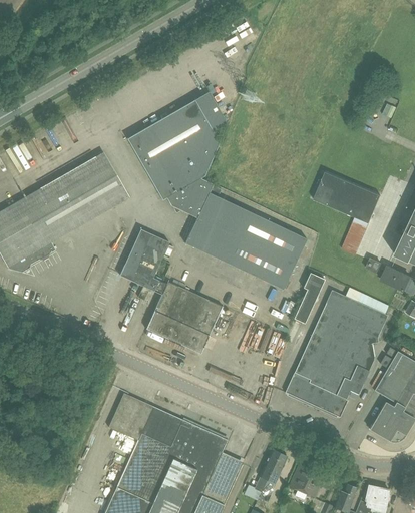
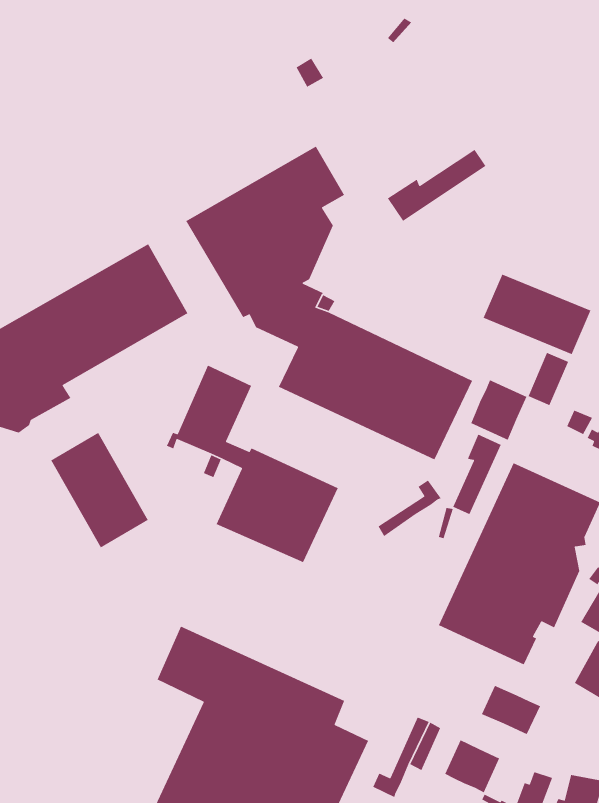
building: none -> [387,149,487,222]
building: none -> [470,379,527,441]
building: none -> [50,432,149,549]
building: none -> [377,480,442,537]
building: none -> [481,685,541,735]

